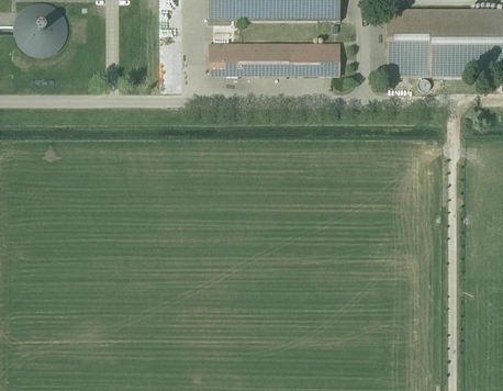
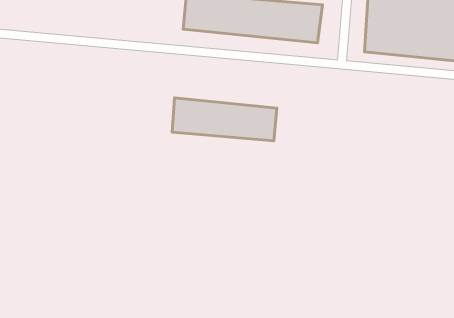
building: none -> [172,98,277,141]

